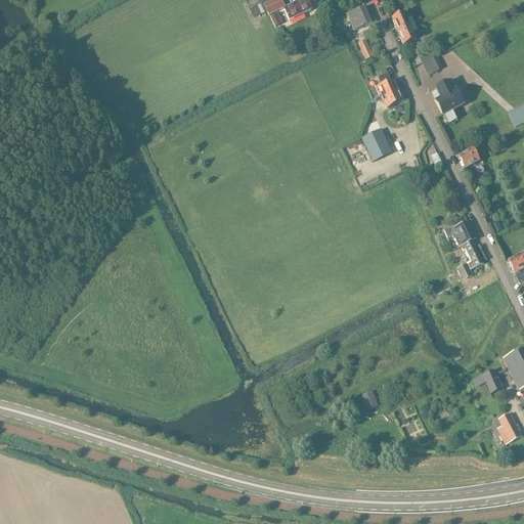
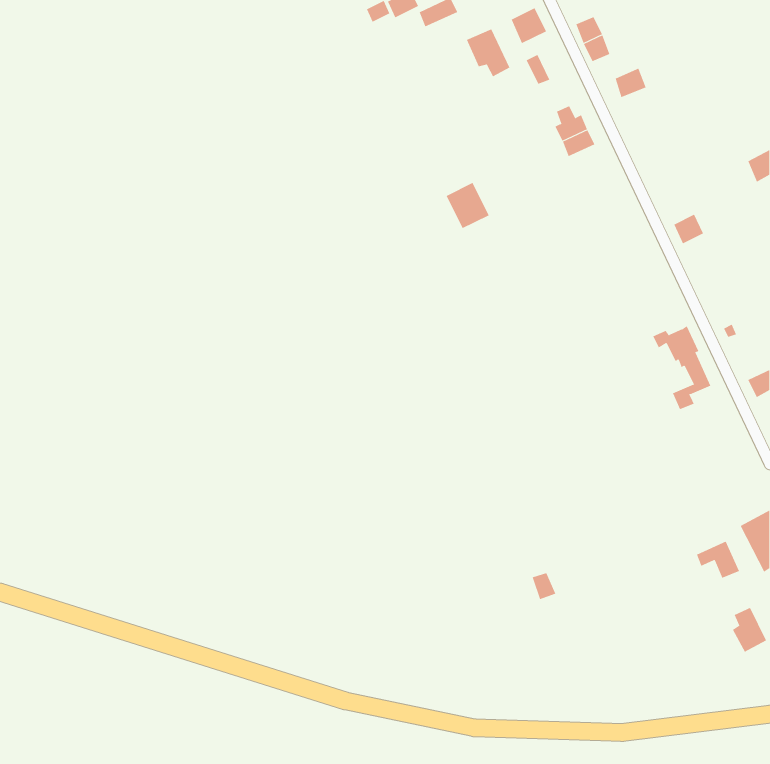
building: none -> [466,28,510,77]
building: [435,79,464,113] -> none
building: [361,128,391,160] -> [446,182,489,229]

